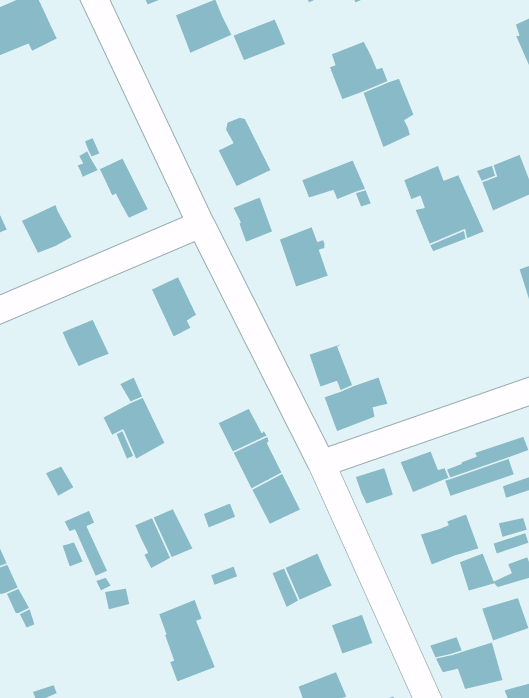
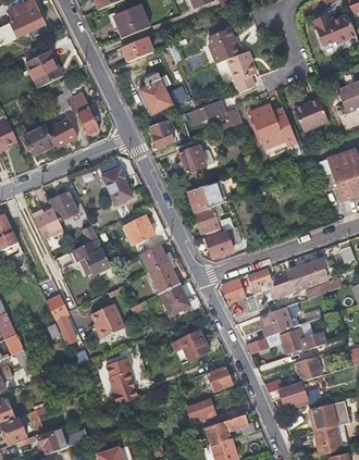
building: [232,18,286,61] -> [121,37,152,62]
building: none -> [27,52,61,87]
building: none -> [47,117,77,147]
building: none -> [187,182,225,213]
building: none -> [33,208,63,239]
building: none -> [124,215,154,244]

